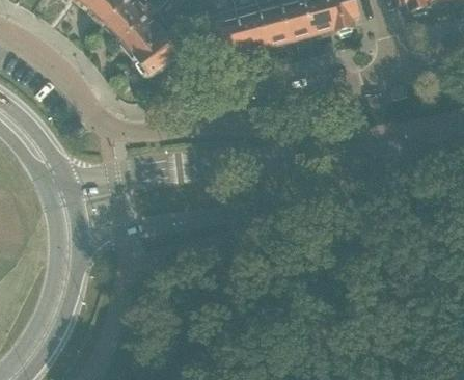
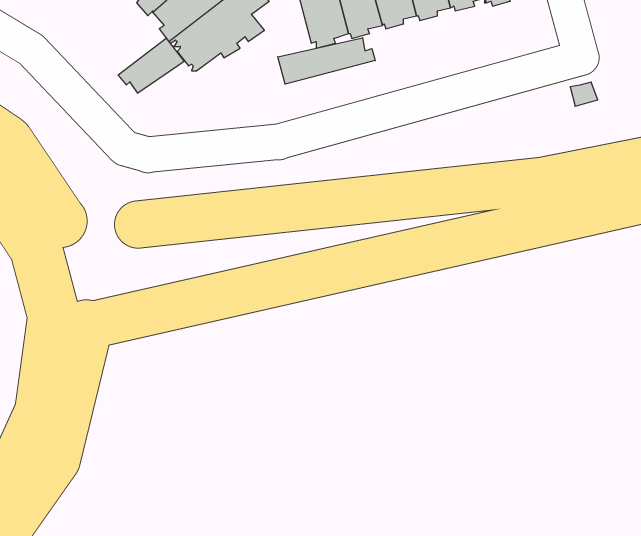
building: none -> [278,38,375,84]
building: none -> [118,38,184,93]

